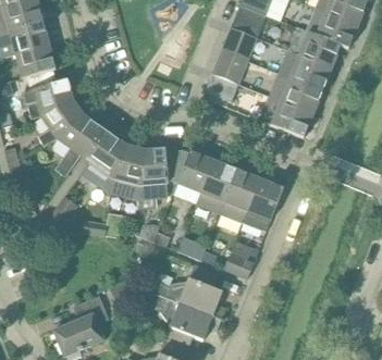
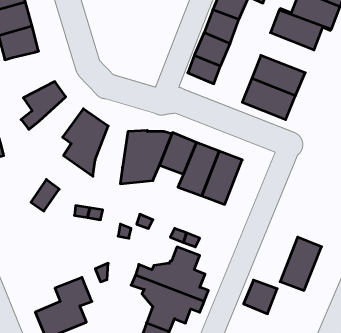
building: [278,50,331,90] -> none
building: [23,70,72,119] -> none
building: [54,114,100,176] -> none
building: [110,144,145,201] -> none
building: [242,177,283,231] -> [280,237,322,290]
building: [223,245,257,278] -> [244,280,277,314]

